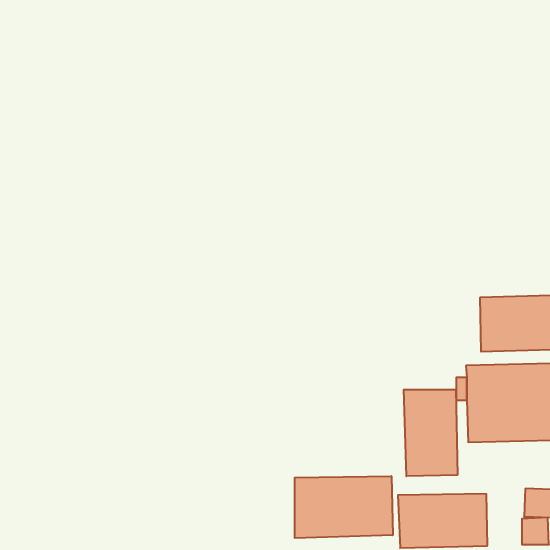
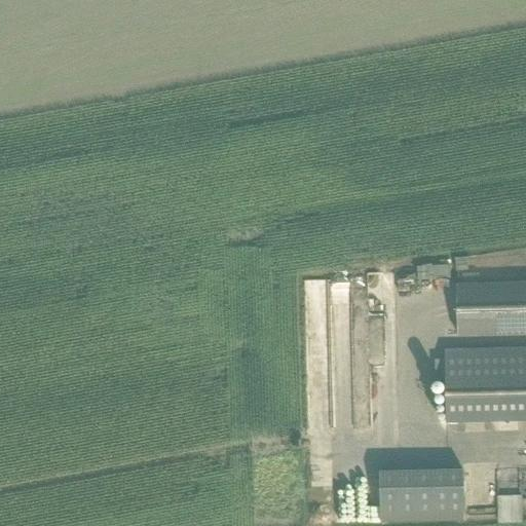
building: [404,390,457,476] -> none
building: [295,476,393,538] -> none

